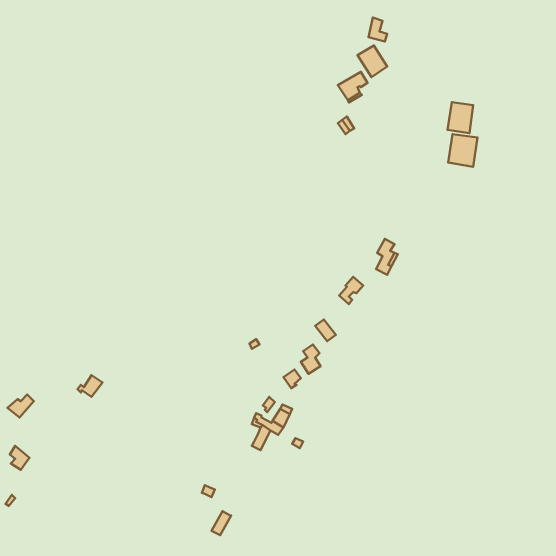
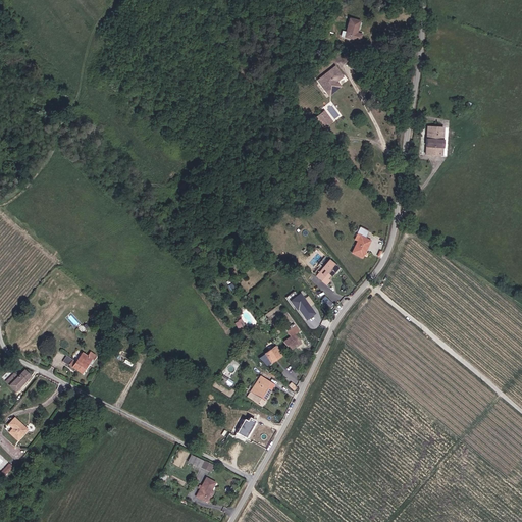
building: [357,45,387,77] -> none
building: [448,102,473,133] -> none

